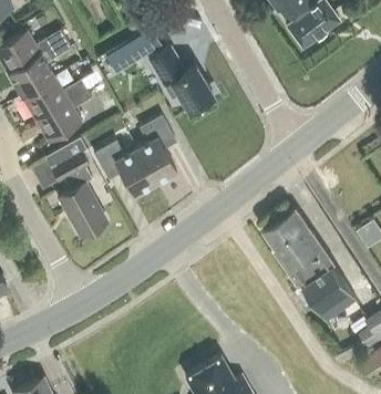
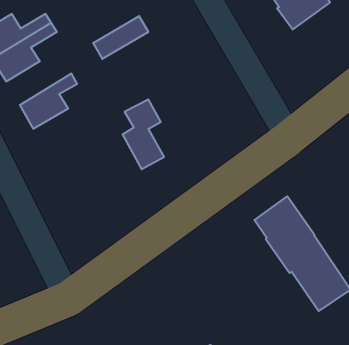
building: [148,45,215,110] -> none
building: [21,75,85,118] -> none
building: [44,136,105,236] -> none
building: [92,138,154,194] -> none

